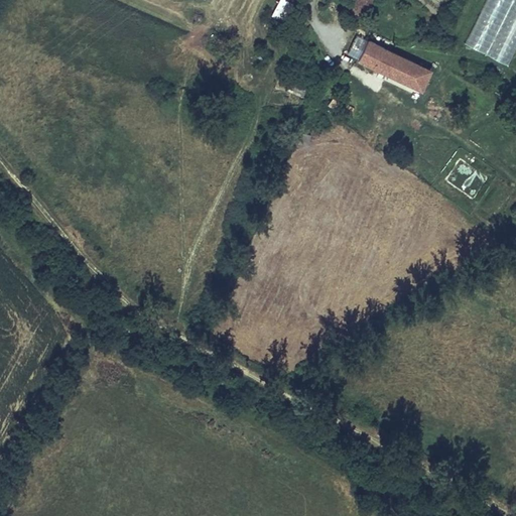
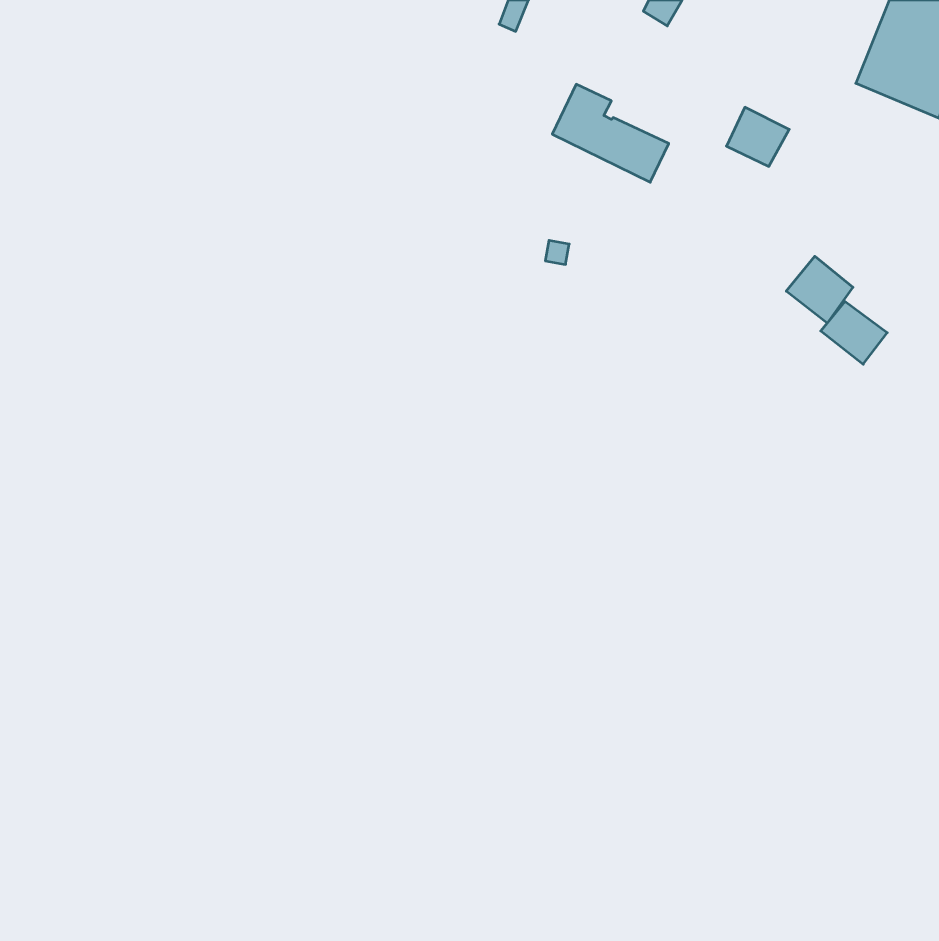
building: [346,28,409,82] -> [552,84,669,182]
building: none -> [786,256,853,323]

